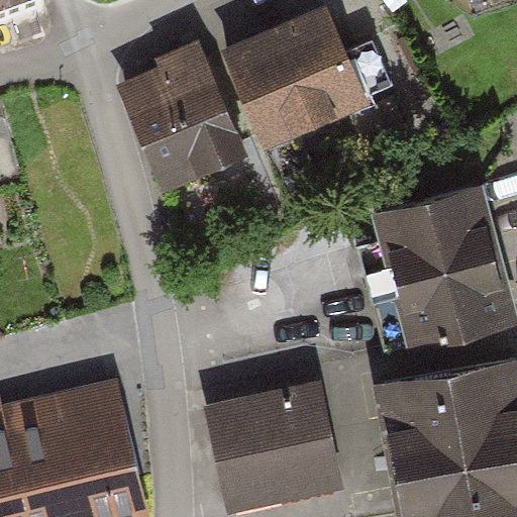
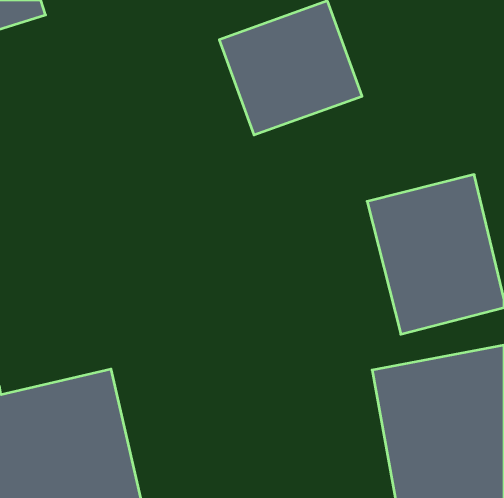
building: [120,49,245,186] -> none
building: [207,385,339,509] -> none

